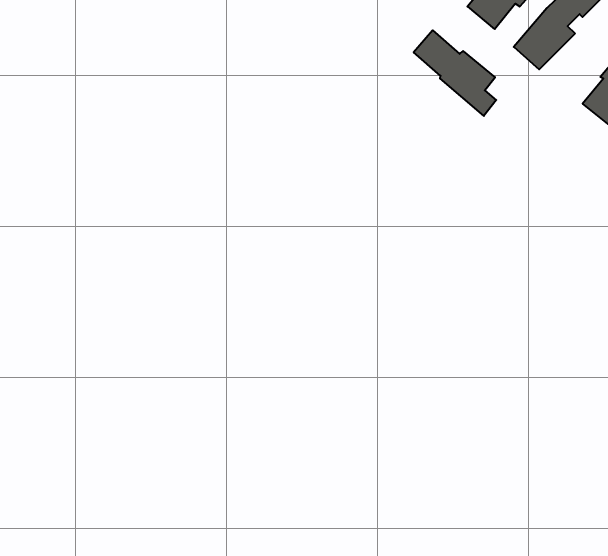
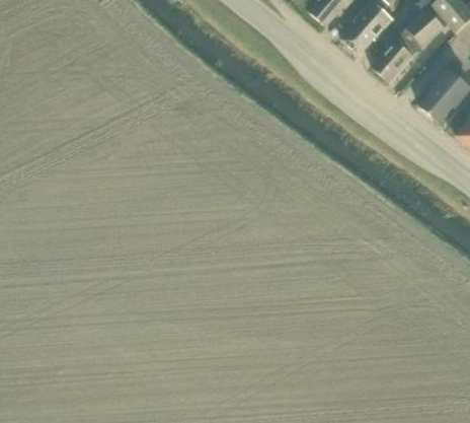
building: [414,30,496,116] -> none

